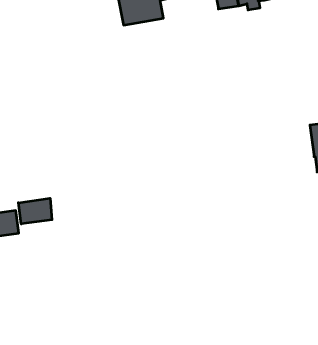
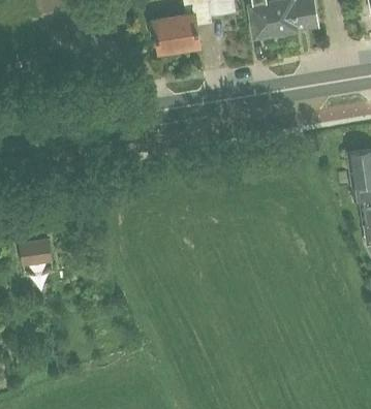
building: [18,198,52,224] -> none

